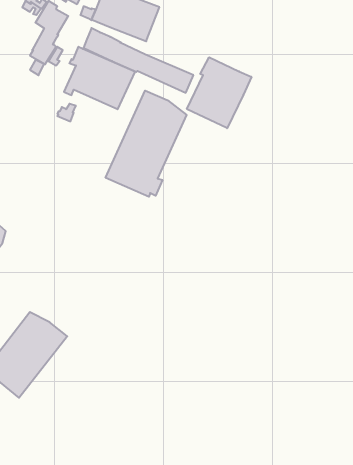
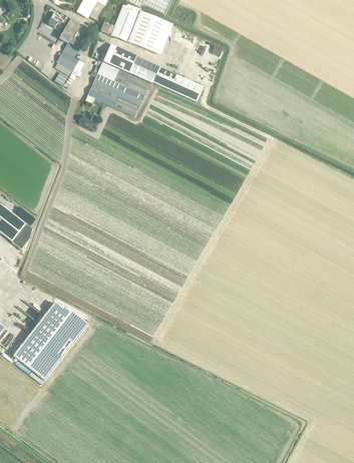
building: [187,57,251,128] -> none
building: [106,91,187,197] -> none

